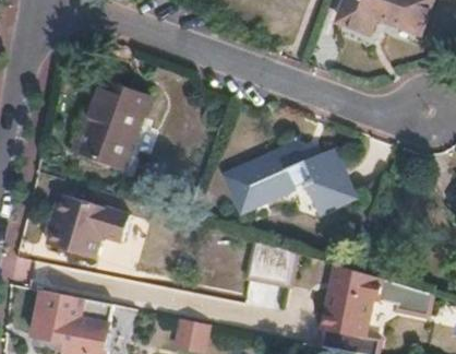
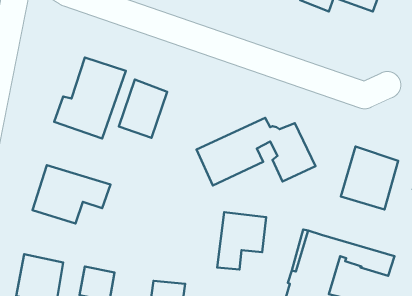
building: none -> [119,79,167,138]
building: none -> [341,147,398,209]

